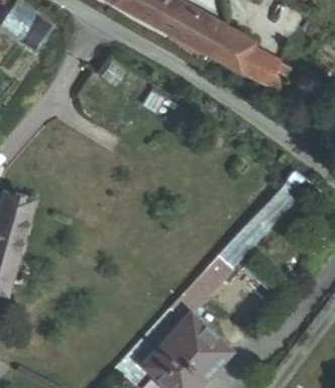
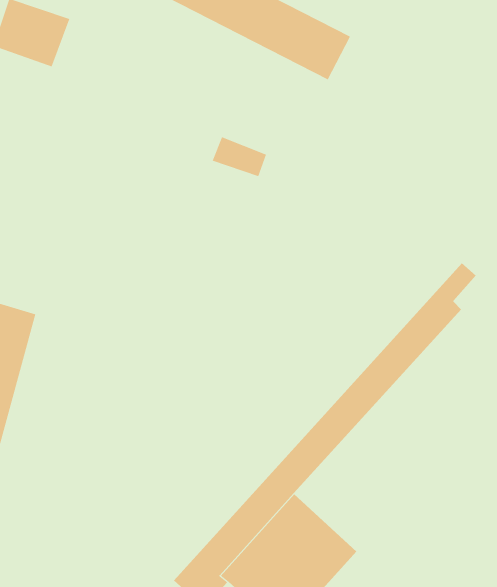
building: [214,27,275,81] -> none

